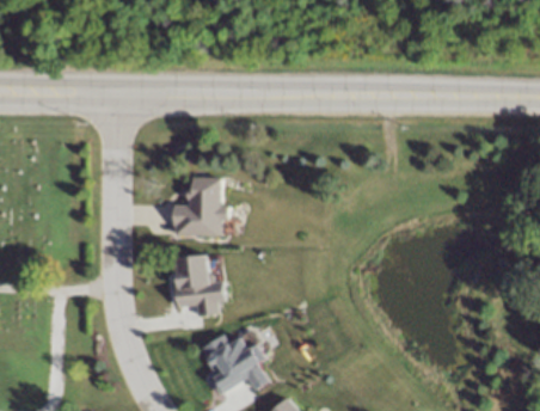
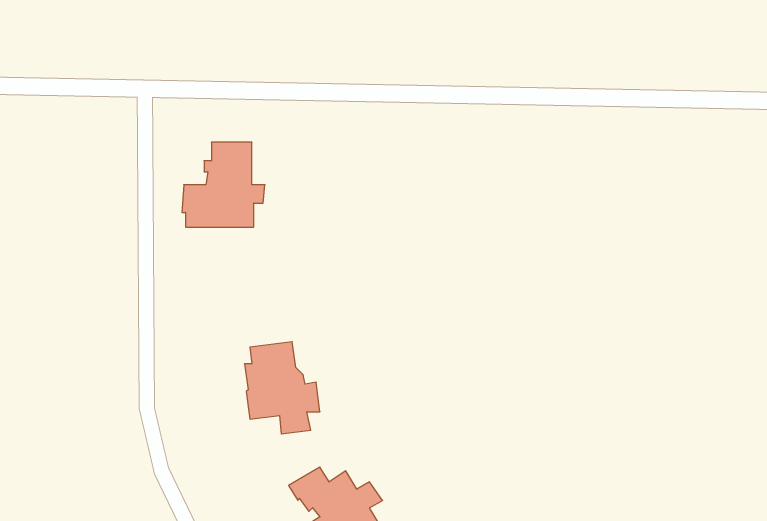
building: [172,179,226,234] -> [182,142,265,227]

